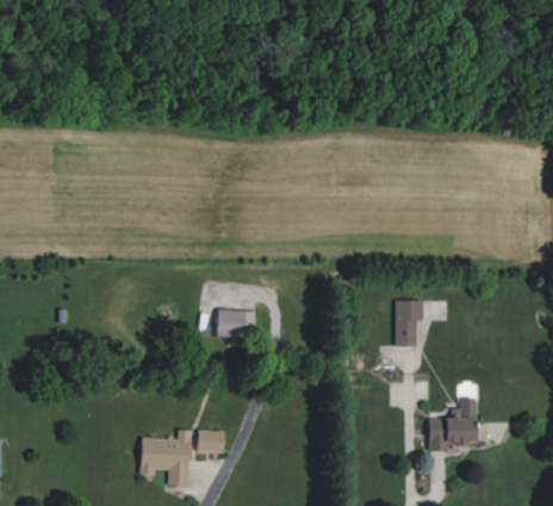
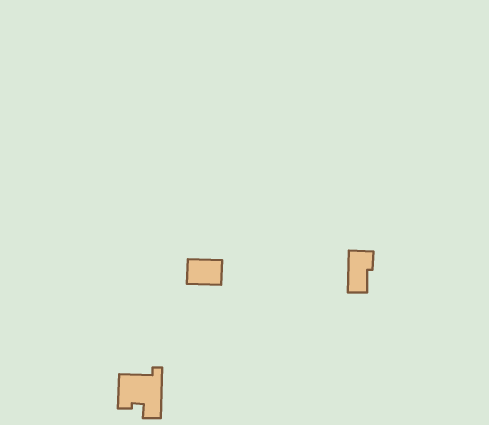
building: [428,399,476,451] -> none
building: [197,430,224,452] -> none

